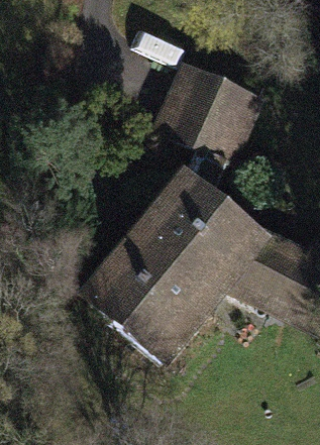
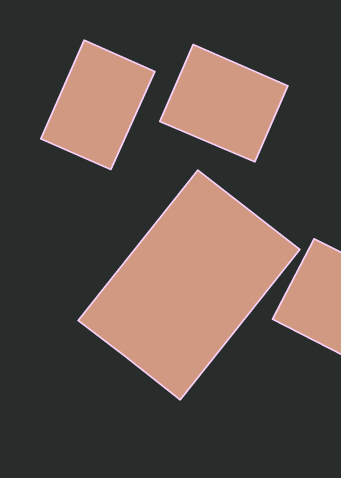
building: none -> [41,40,155,169]

